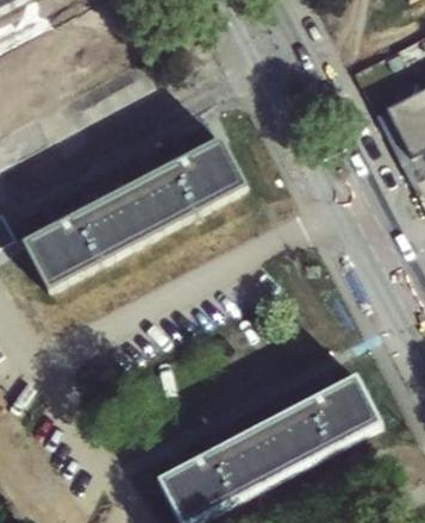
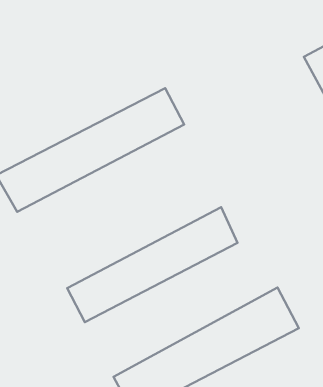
building: none -> [67,207,238,322]

